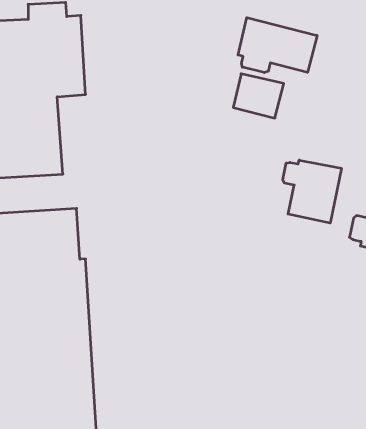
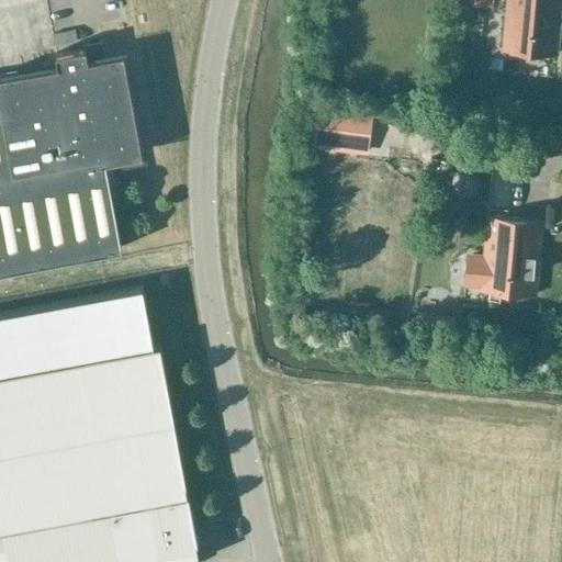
building: [238,18,317,73] -> none
building: [283,160,341,223] -> none

